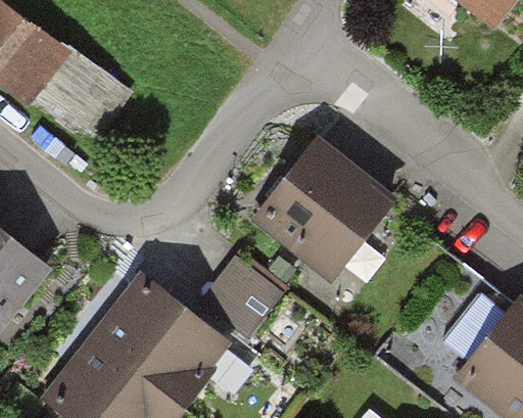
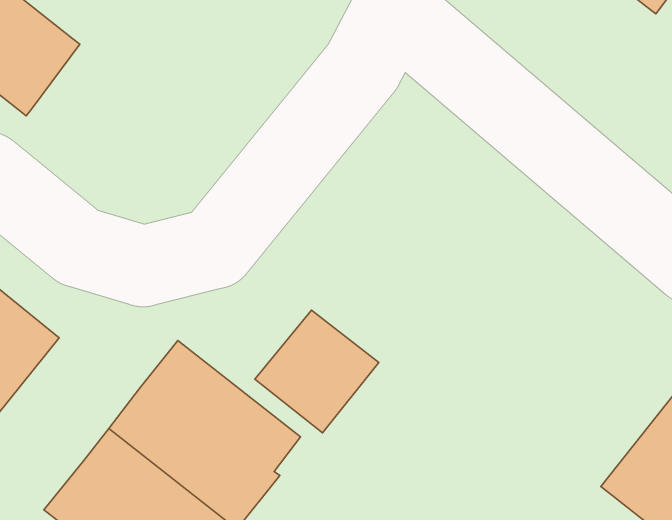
building: [32,43,134,138] -> none
building: [250,137,397,284] -> none

